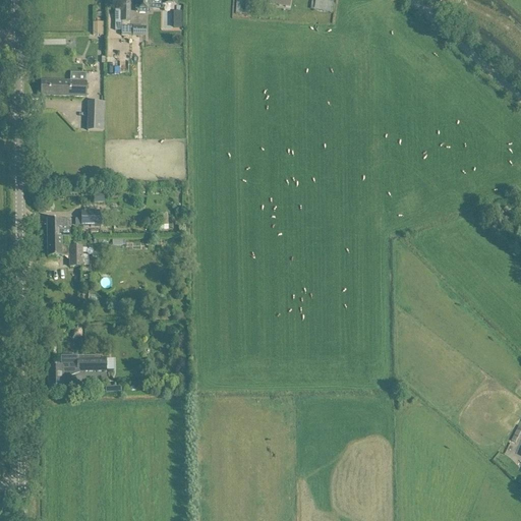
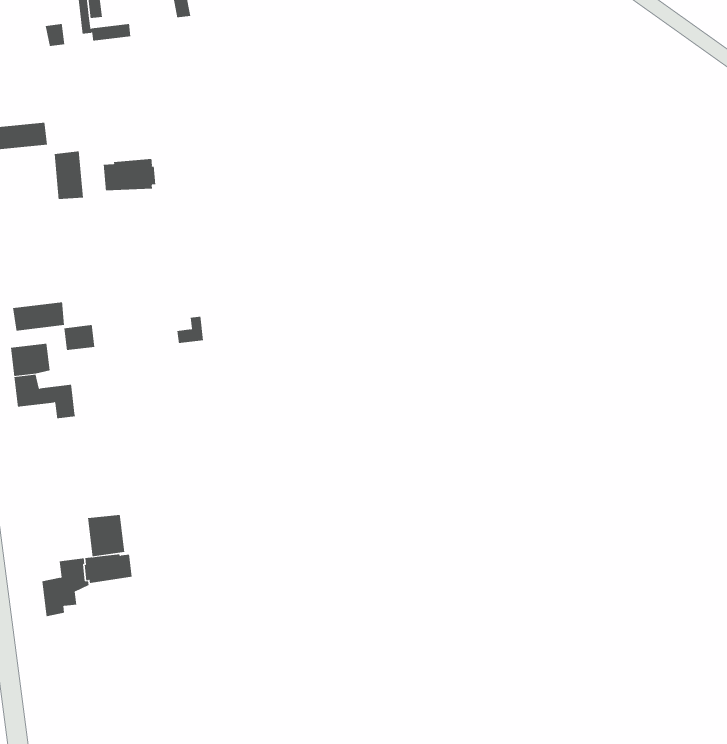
building: none -> [103,158,156,191]
building: none -> [13,302,65,331]
building: none -> [87,514,125,557]

